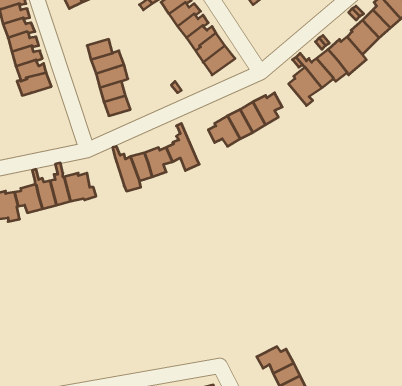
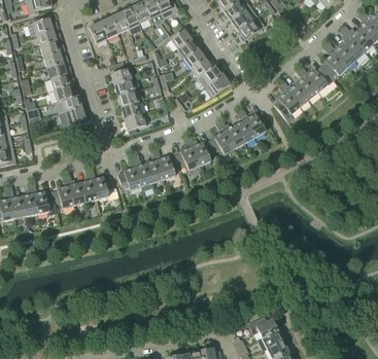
building: none -> [58,106,84,131]
building: none -> [186,134,213,165]
building: none -> [116,167,140,192]

